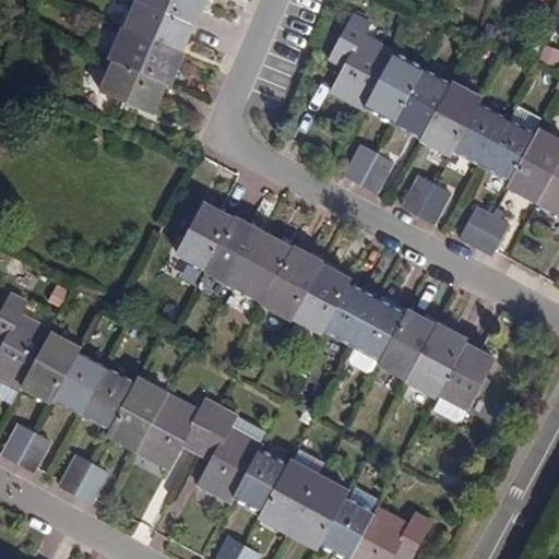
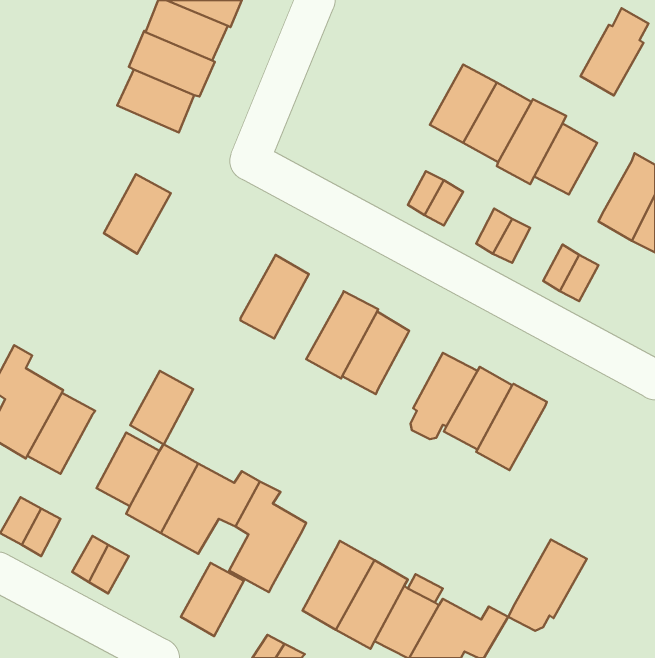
building: [332,15,395,109] -> none
building: [483,107,540,181] -> [580,8,649,96]
building: [176,202,233,270] -> [104,174,171,254]
building: [233,233,292,302] -> none
building: [321,283,376,346] -> none
building: [427,344,493,421] -> [508,540,587,631]
building: [53,352,107,414] -> [130,371,193,444]
building: [231,450,285,512] -> [181,563,244,636]

